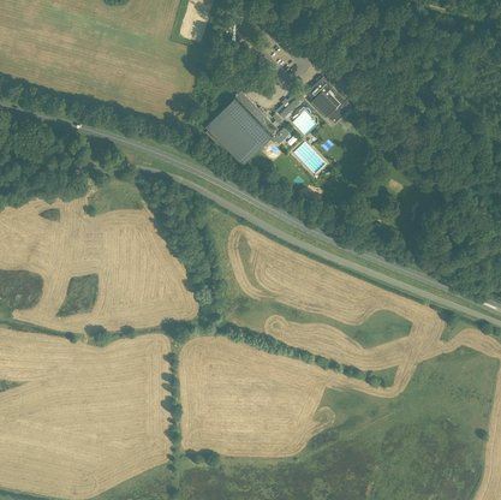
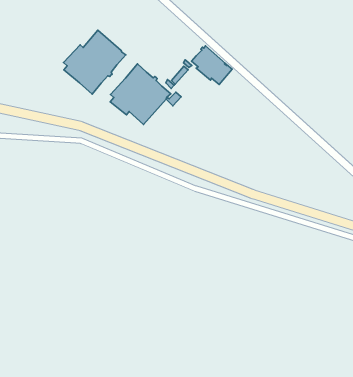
building: none -> [63,30,126,94]

